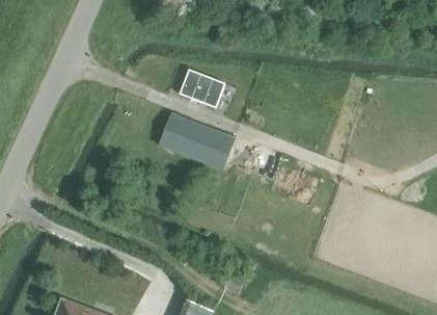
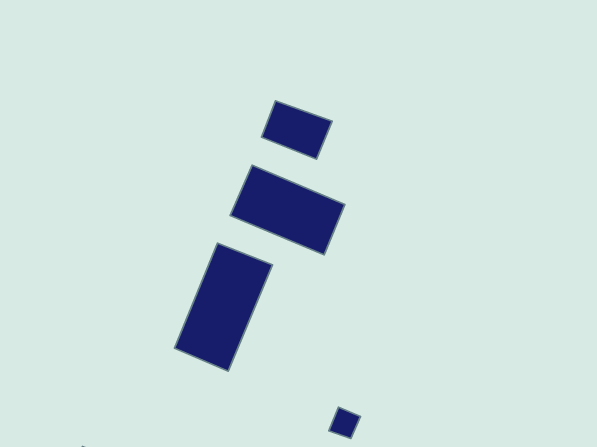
building: none -> [174,243,273,371]

